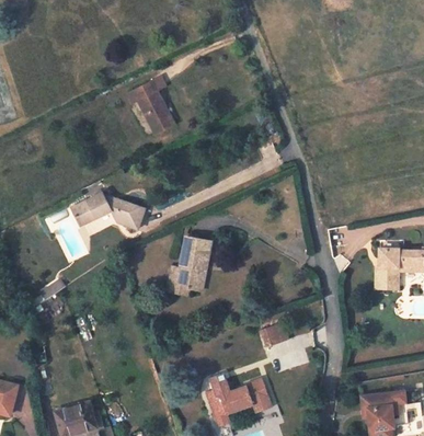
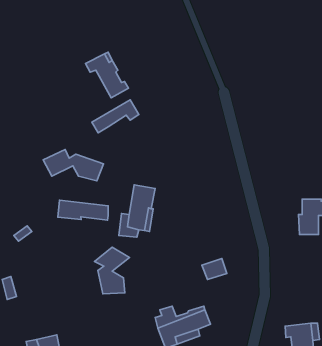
building: none -> [92,100,139,133]
building: none -> [58,200,108,220]
building: none -> [95,247,129,294]

